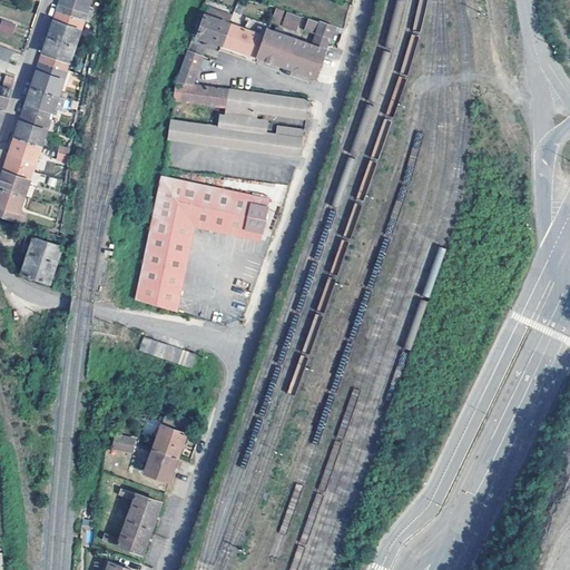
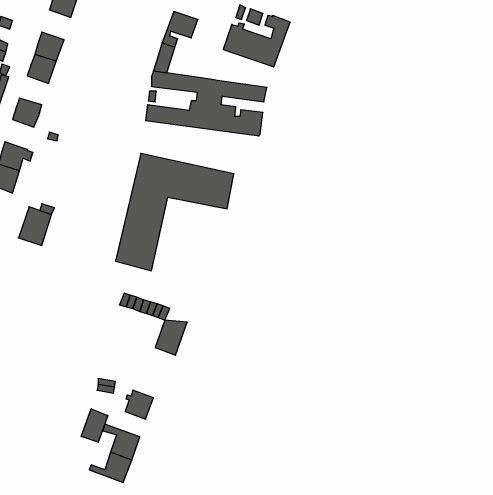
building: [48,11,81,46] -> none
building: [219,17,268,57] -> none
building: [22,87,56,120] -> none
building: [6,137,39,171] -> none
building: [153,416,189,456] -> [155,320,187,355]
building: none -> [81,409,108,442]

